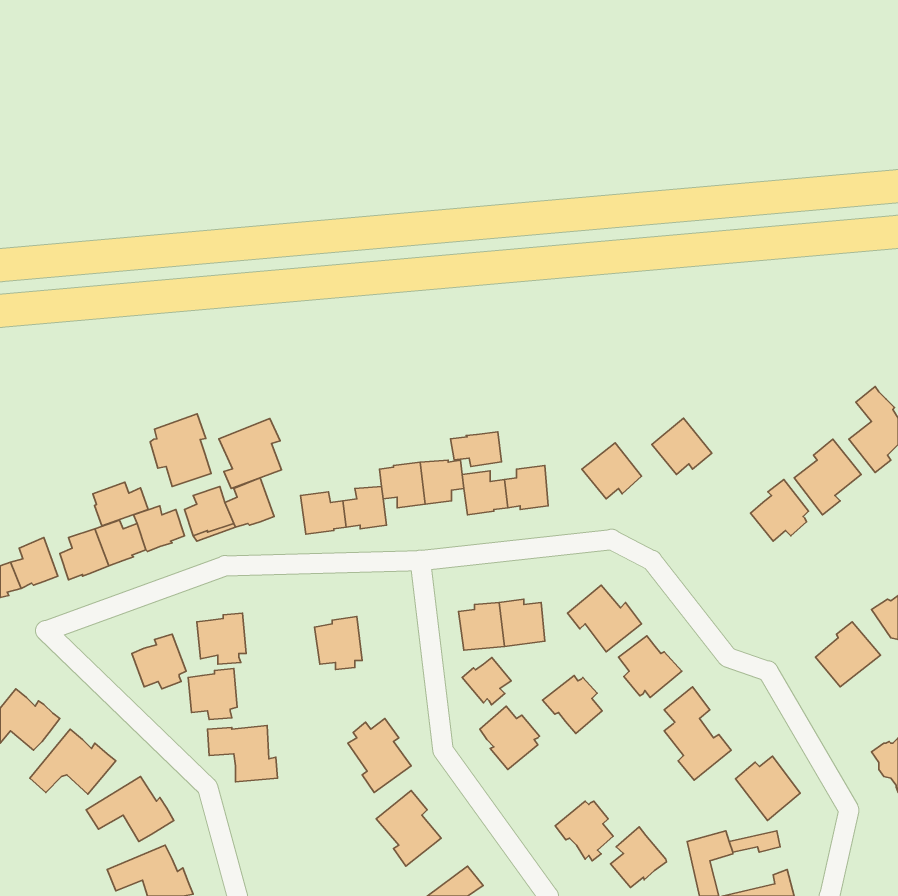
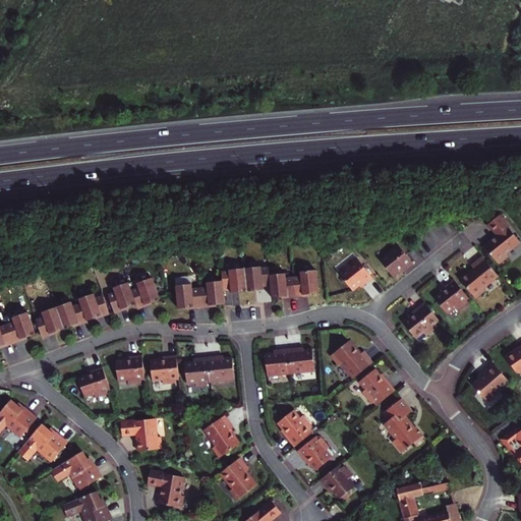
building: [150,414,211,486] -> none
building: [219,419,281,489] -> none
building: [450,432,501,467] -> none
building: [93,482,148,526] -> none
building: none -> [403,301,440,339]
building: none -> [207,355,233,383]
building: [462,657,511,705] -> none
building: [188,669,237,720] -> [149,356,177,386]
building: [543,676,602,734] -> [297,436,332,469]
building: [735,756,800,820] -> none
building: none -> [146,470,182,508]
building: [610,827,667,887] -> none

